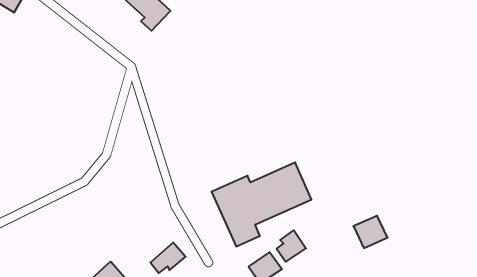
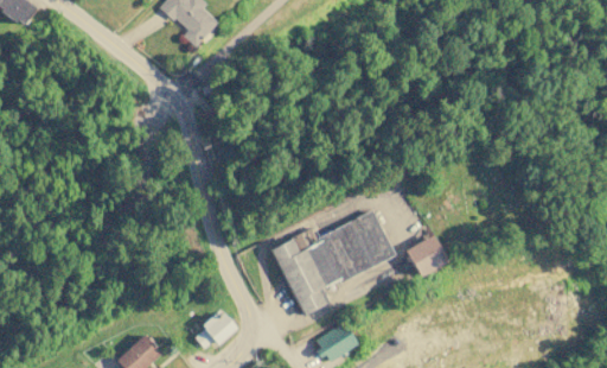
building: [353,216,388,248] -> [405,236,448,277]
building: [277,230,306,262] -> none

